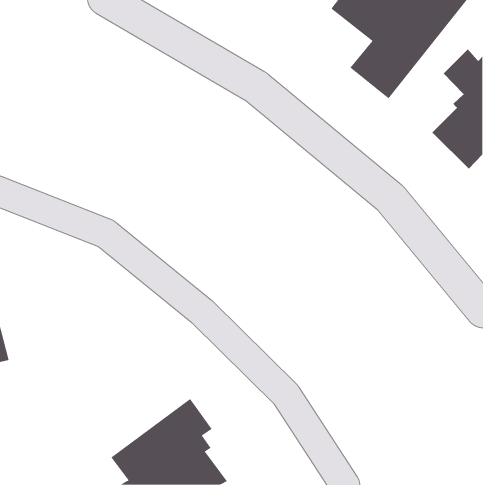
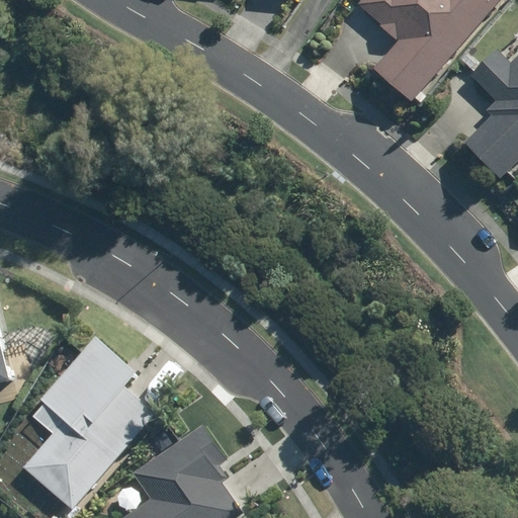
building: none -> [24,336,162,510]

